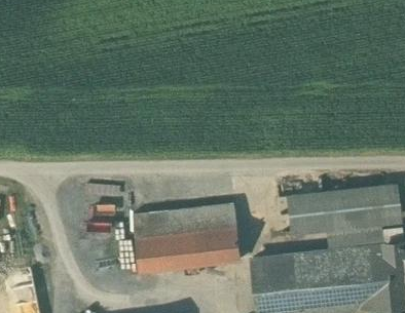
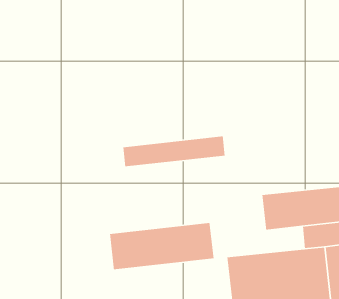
building: [132,205,235,237] -> [122,136,226,167]

